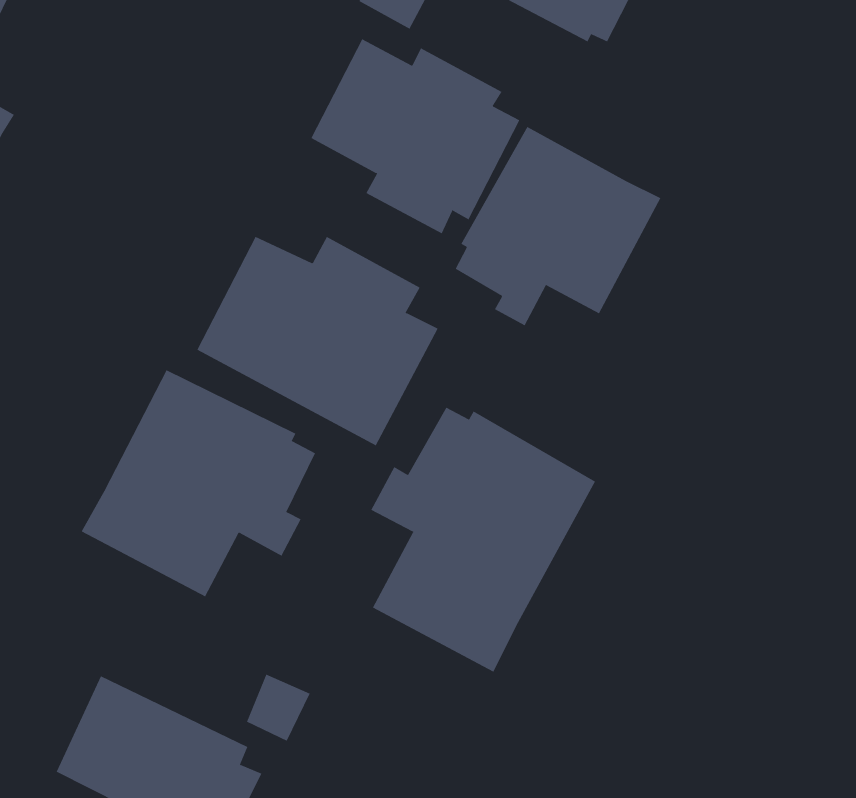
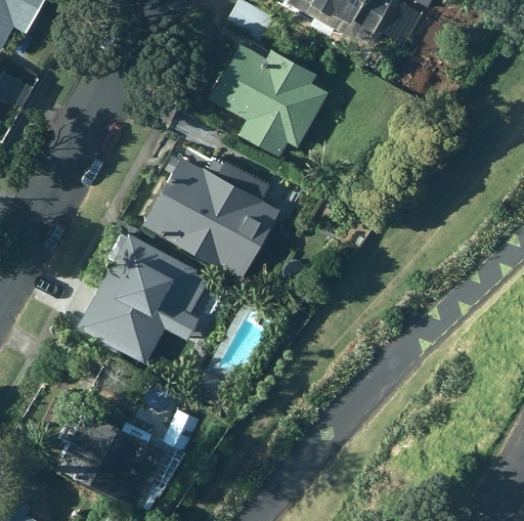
building: [455,126,661,326] -> none
building: [371,407,596,672] -> none

